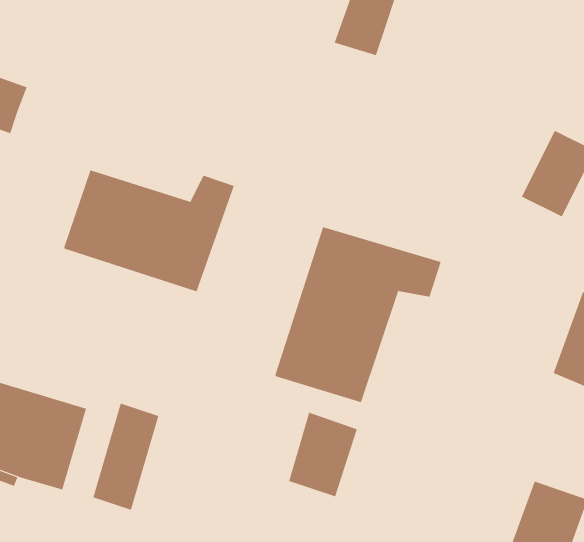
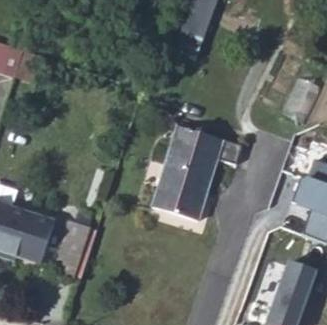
building: [64,170,234,292] -> none
building: [288,412,358,497] -> none

